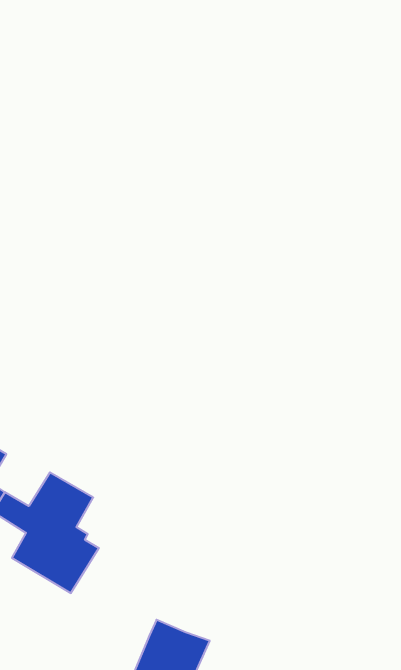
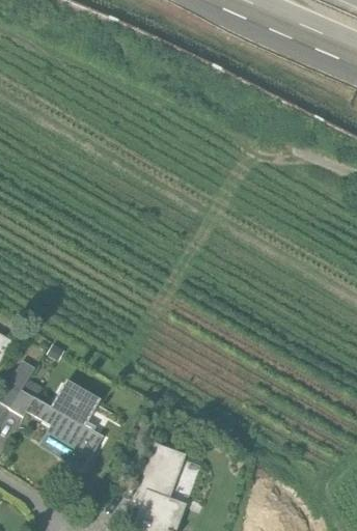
building: none -> [134,442,186,500]

